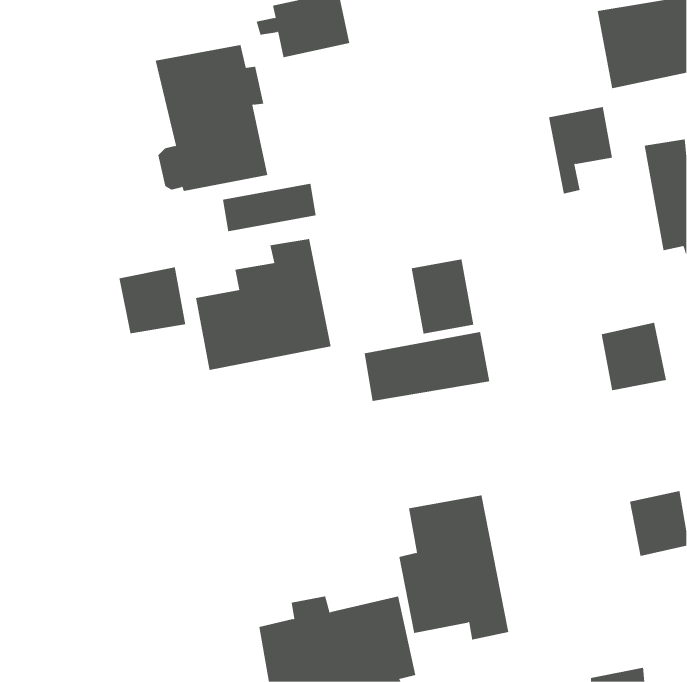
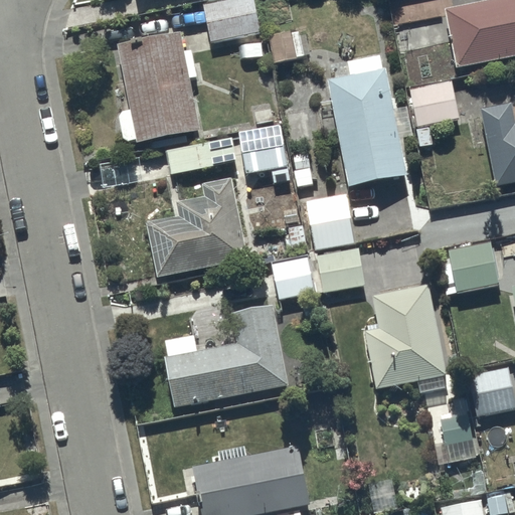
building: none -> [327,54,405,187]
building: none -> [238,125,290,181]
building: [119,267,186,334] -> none
building: none -> [164,305,288,406]
building: [399,495,509,640] -> [365,285,448,393]
building: none -> [434,416,480,462]

